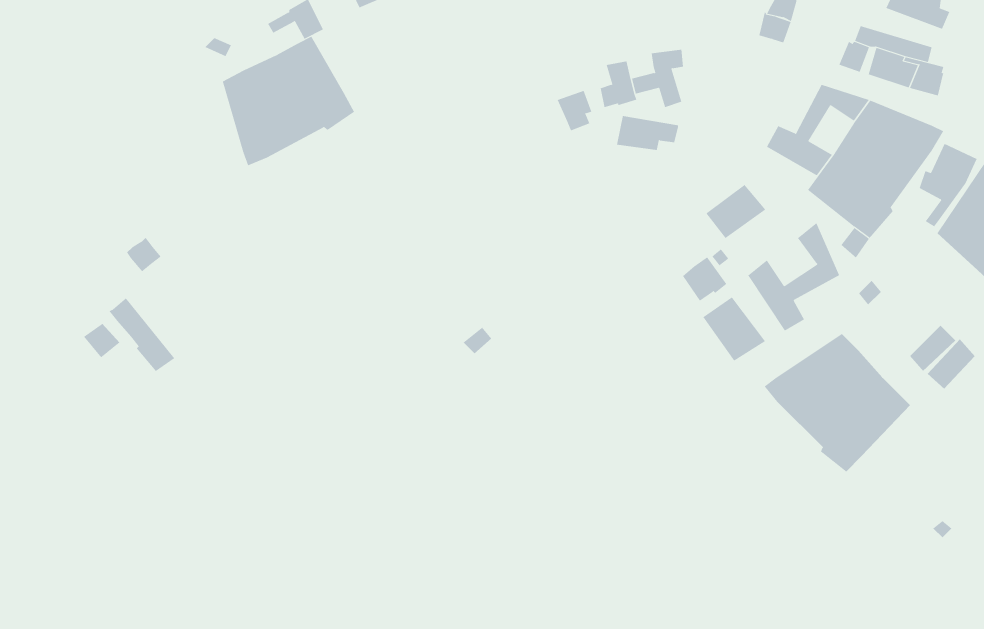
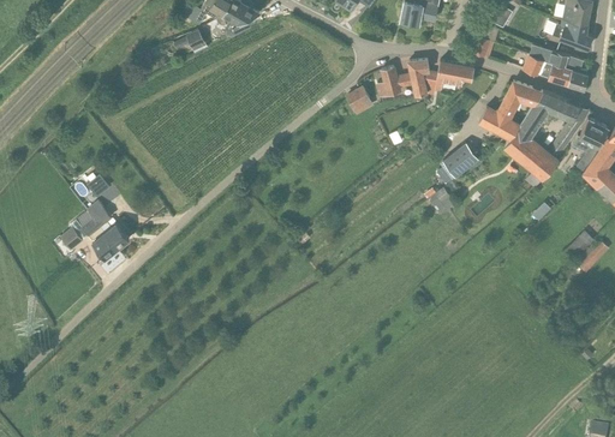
building: [222,36,355,166] -> none
building: [616,115,679,151] -> [436,61,474,83]
building: [748,222,840,332] -> none
building: none -> [86,202,130,250]
building: [702,296,766,361] -> none
building: [764,333,911,472] -> none

